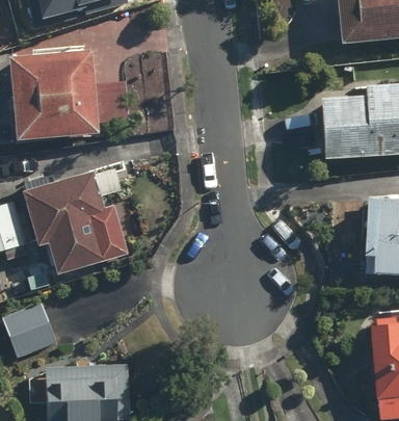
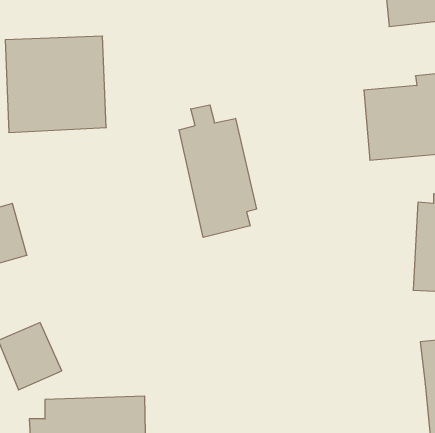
building: none -> [179,105,256,237]
building: [24,174,133,271] -> none

